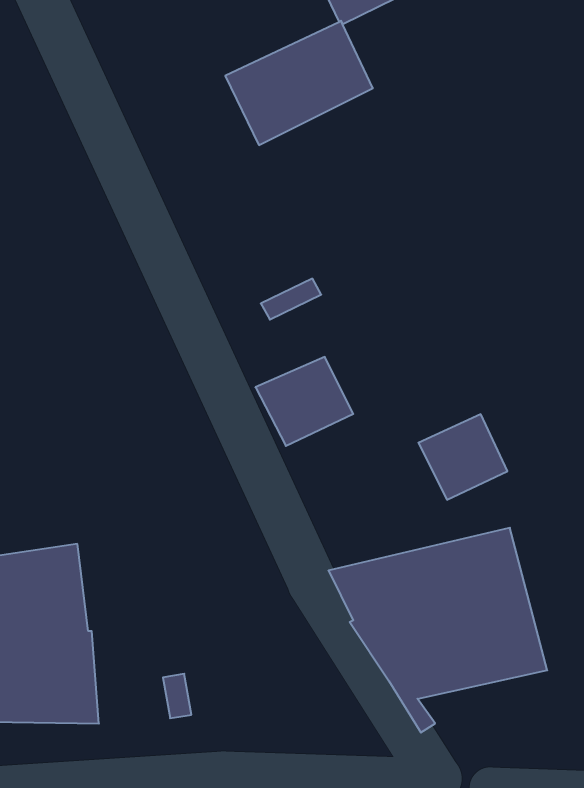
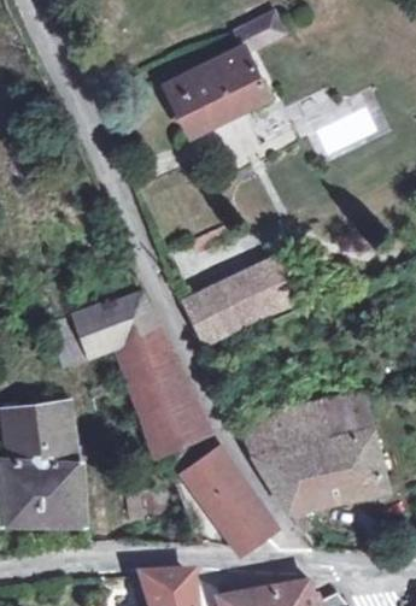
building: none -> [47,292,210,457]
building: [418,414,507,500] -> [234,258,294,316]
building: none -> [183,448,276,548]

